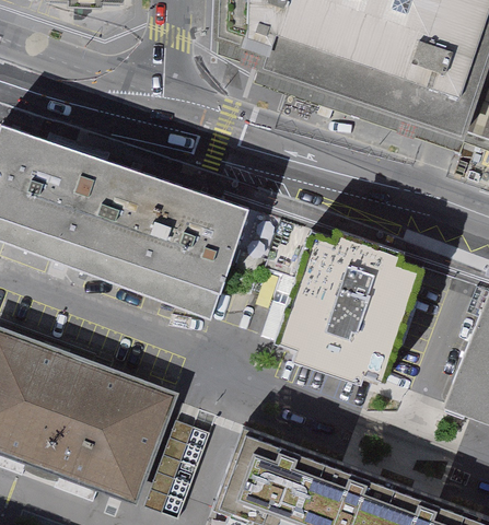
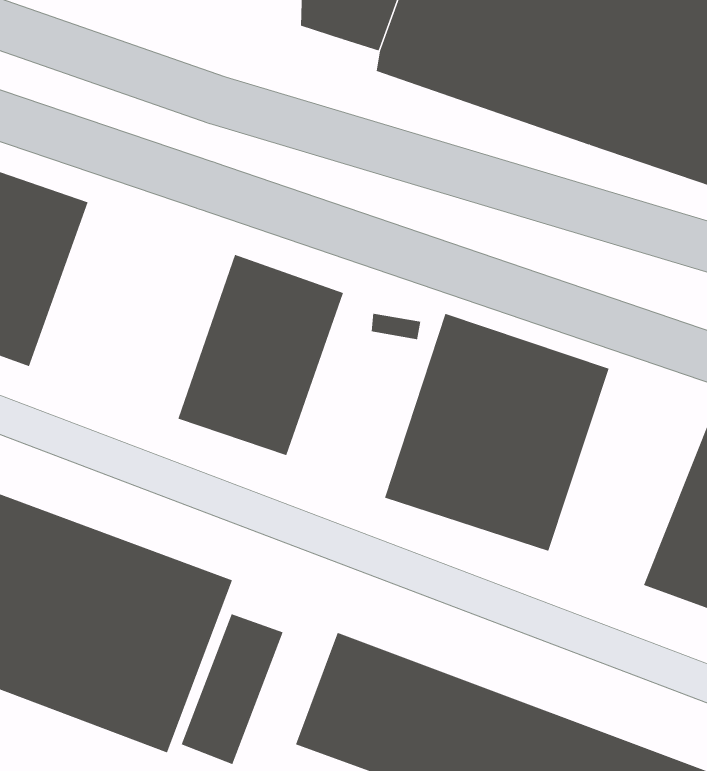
building: [46,153,179,294] -> none

